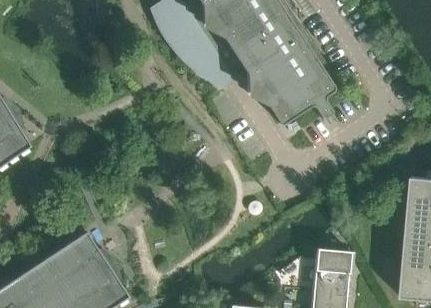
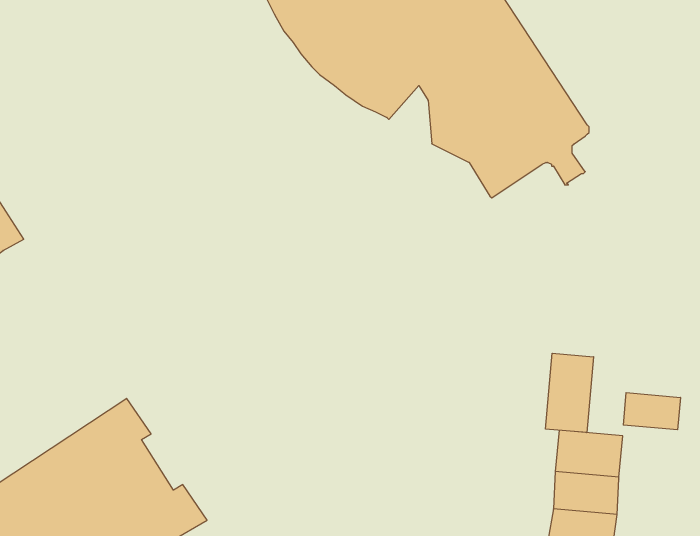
building: none -> [546,353,594,433]
building: none -> [623,393,680,430]

